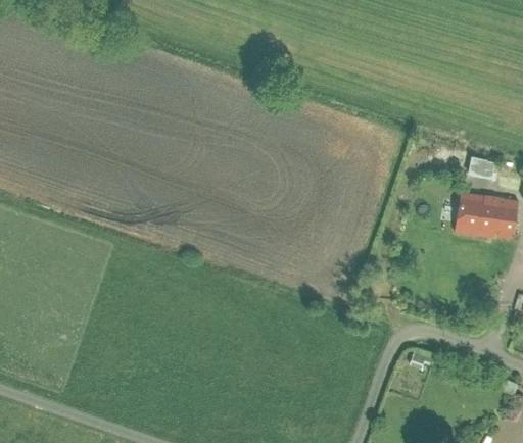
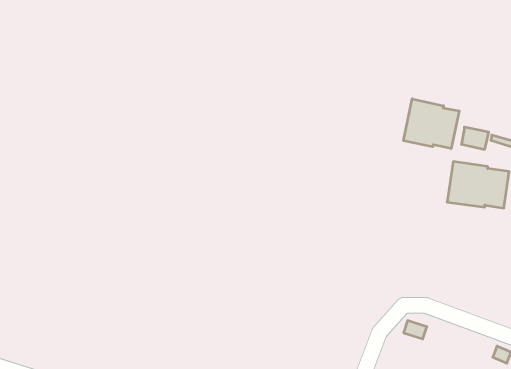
building: none -> [404,99,459,149]

